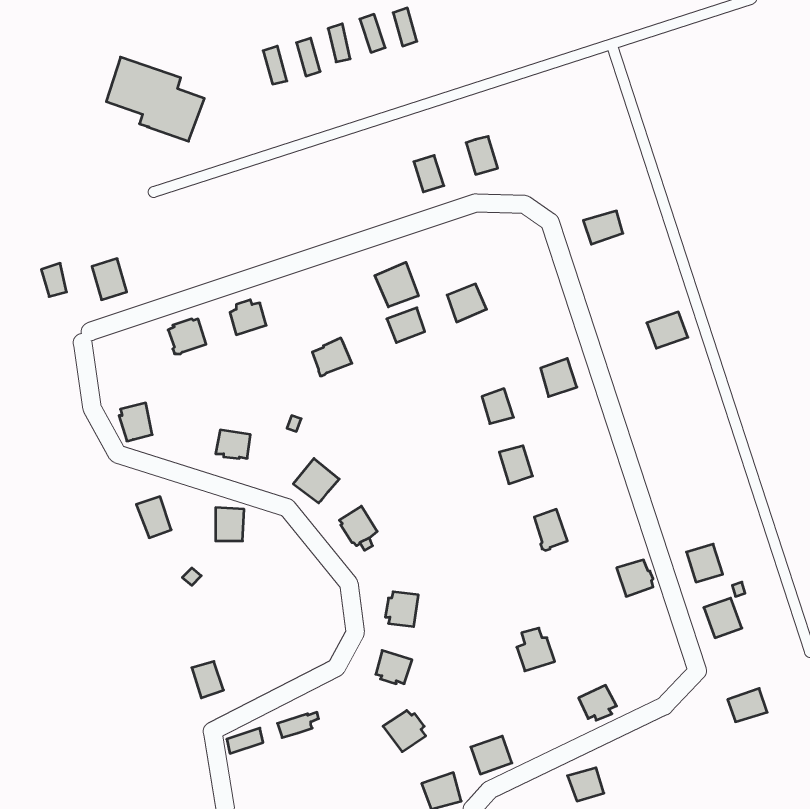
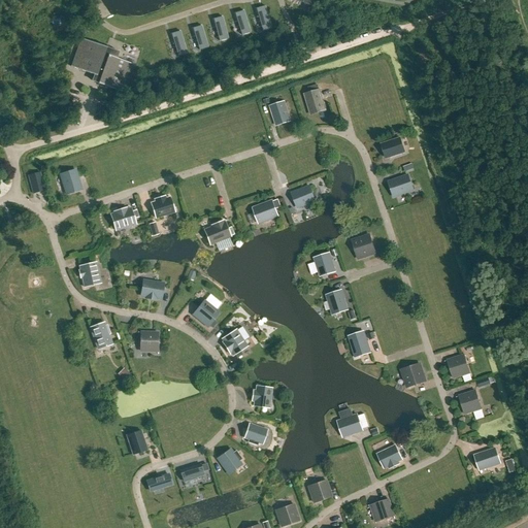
building: [375,262,418,307] -> none
building: [647,312,688,348] -> [388,173,415,197]
building: [383,710,426,752] -> [216,448,243,474]

